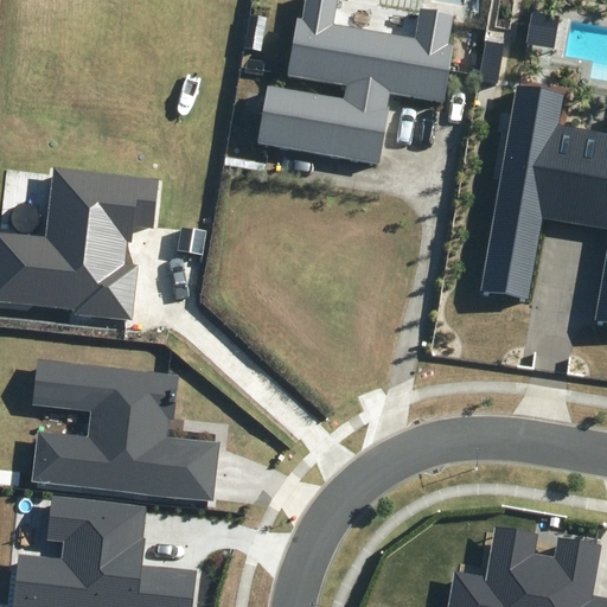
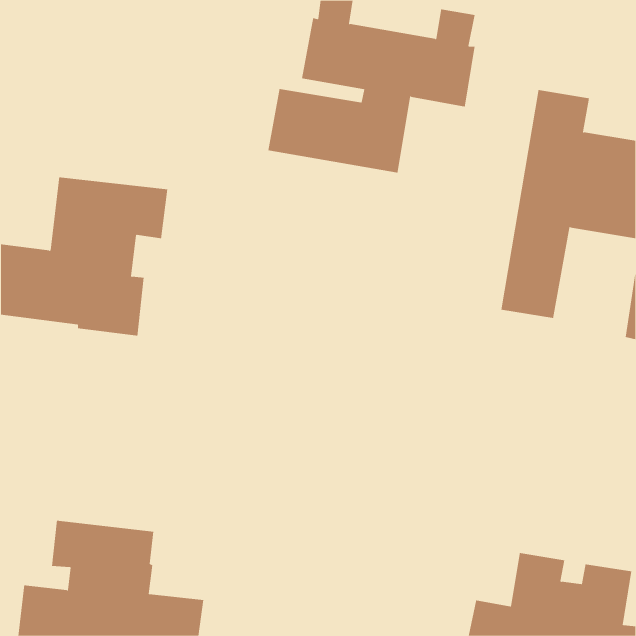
building: [30,357,219,501] -> none

